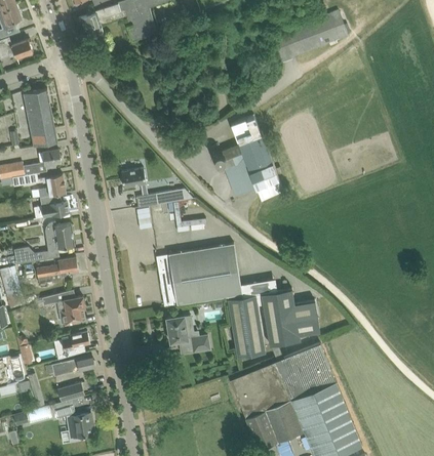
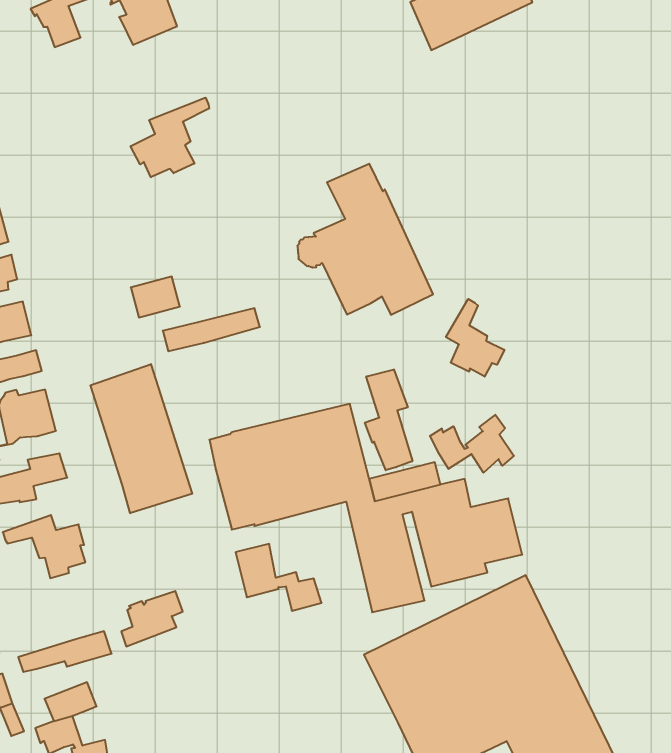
building: none -> [131,98,209,177]
building: none -> [446,299,504,377]
building: none -> [90,364,192,513]
building: none -> [365,369,412,470]
building: none -> [430,415,514,473]
building: [55,332,89,360] -> [121,591,183,646]

